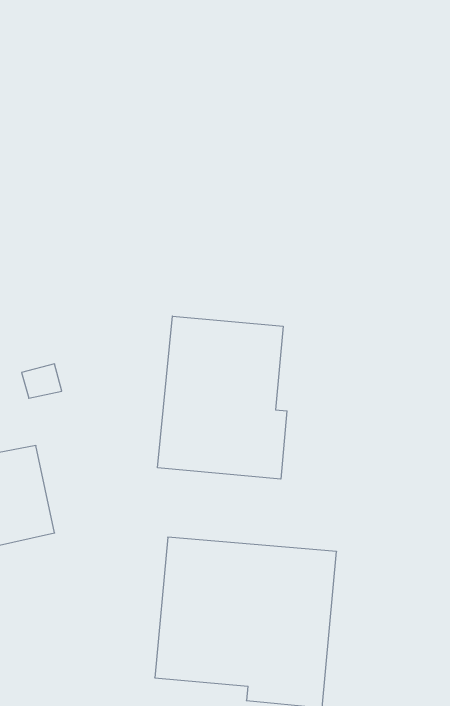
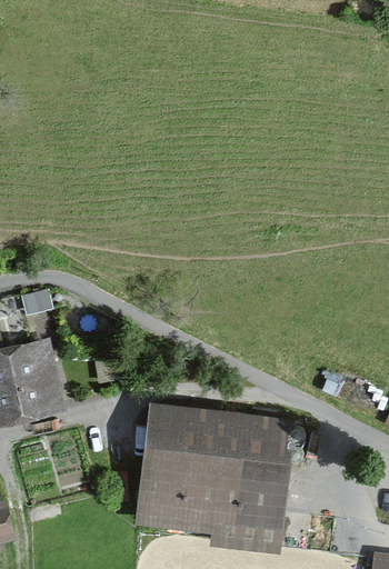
building: [158,316,287,479] -> none

